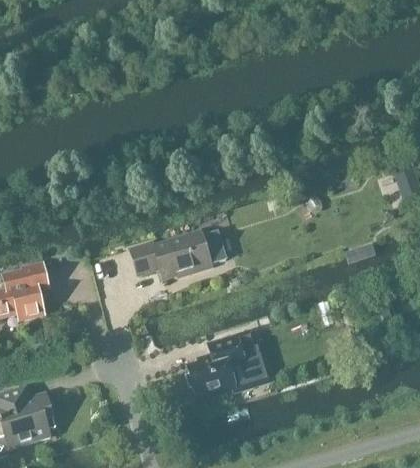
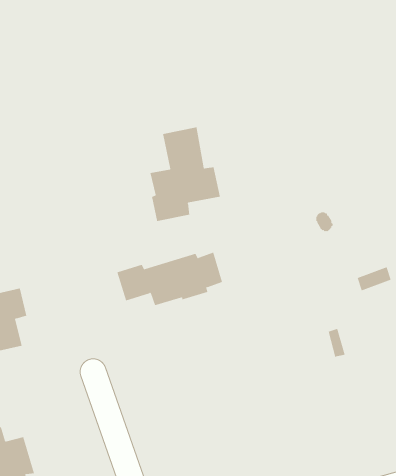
building: none -> [150,126,220,222]
building: [187,331,271,394] -> none

